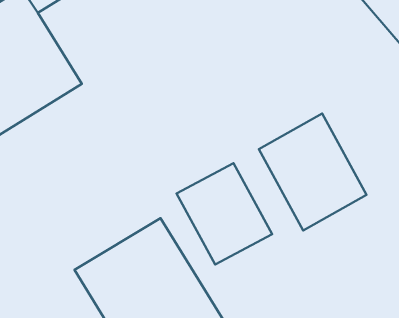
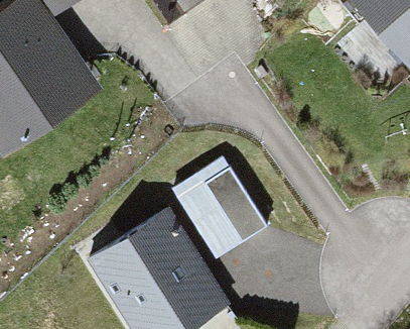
building: [259,113,367,230] -> none

